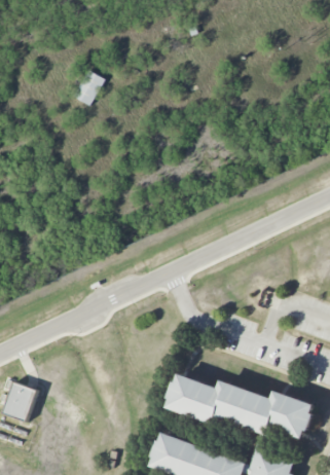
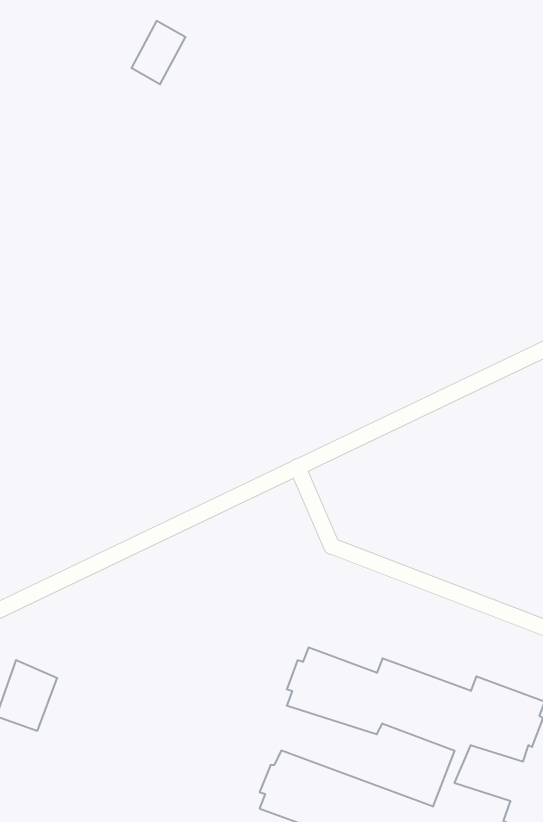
building: [71,70,102,106] -> [131,21,186,84]

